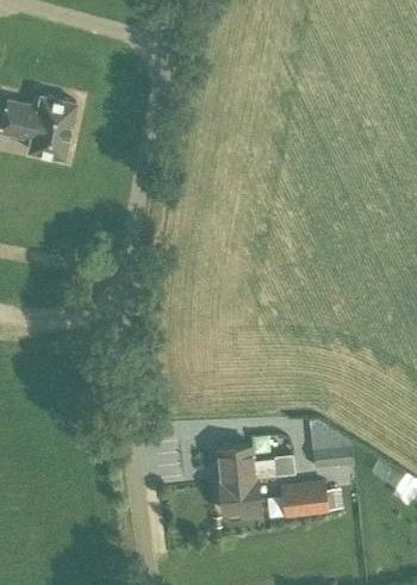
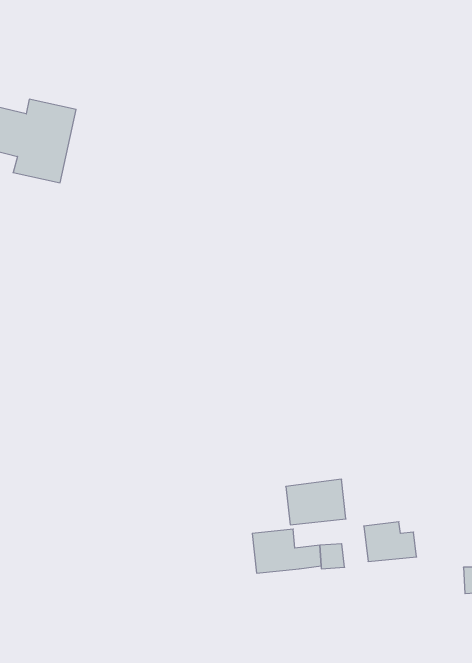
building: [219,474,261,515] -> none
building: [278,480,326,517] -> [286,479,346,525]

